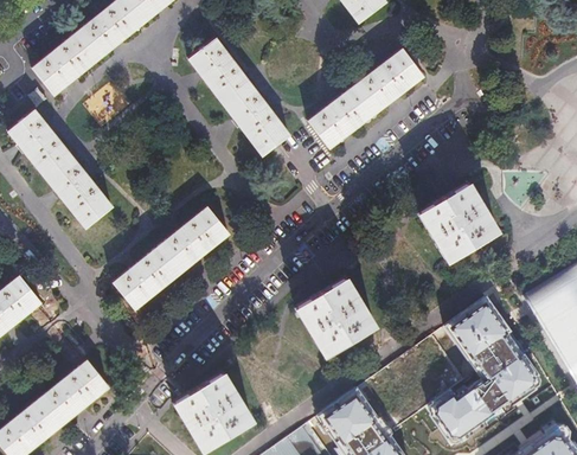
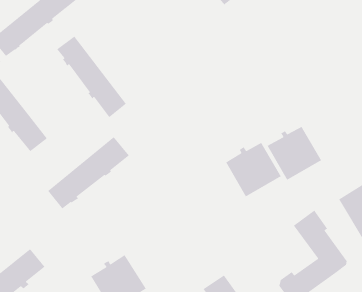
building: [188,38,288,154] -> [56,36,127,118]
building: [308,46,424,147] -> none
building: [293,276,372,354] -> [225,142,282,197]

